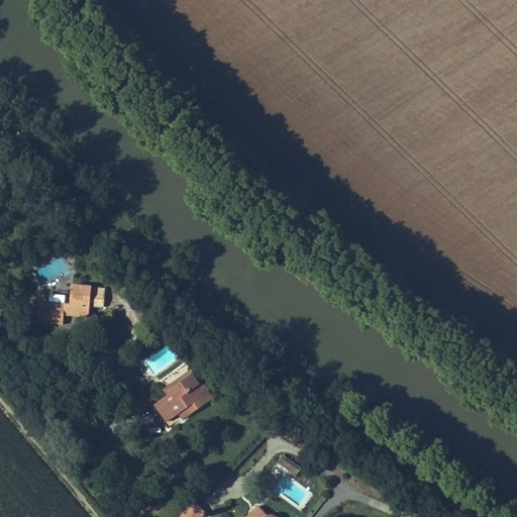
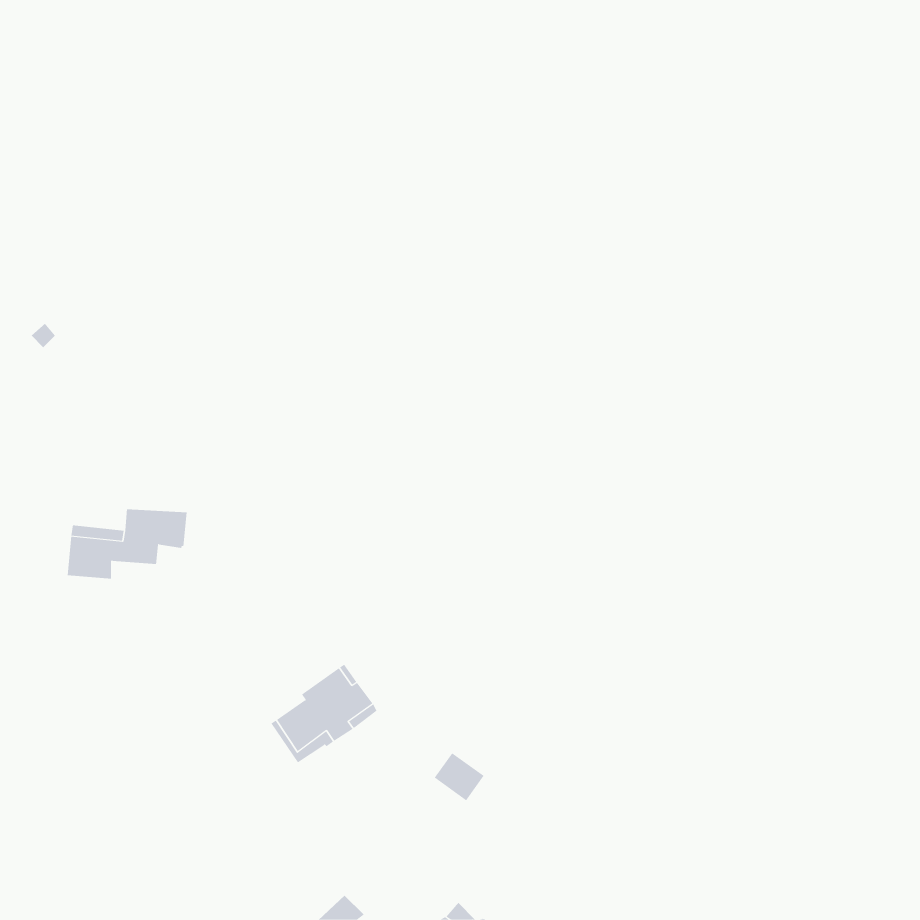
building: [273,453,301,481] -> [434,752,484,801]

